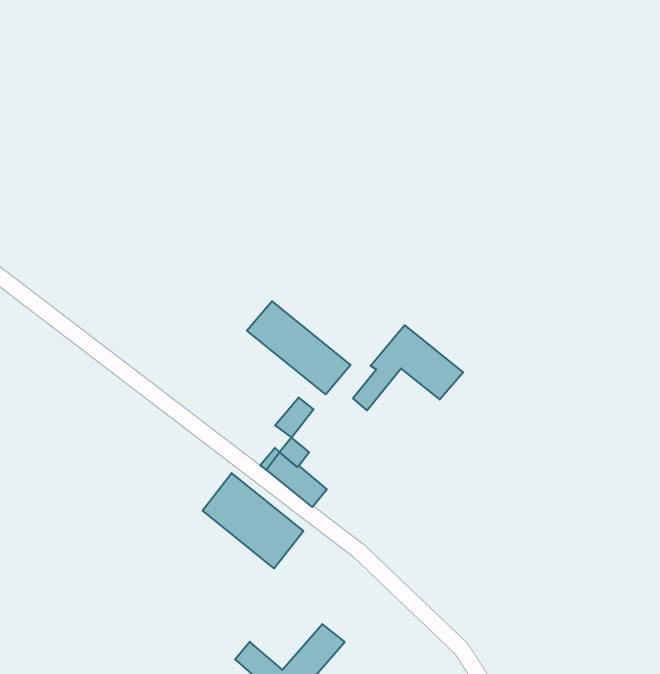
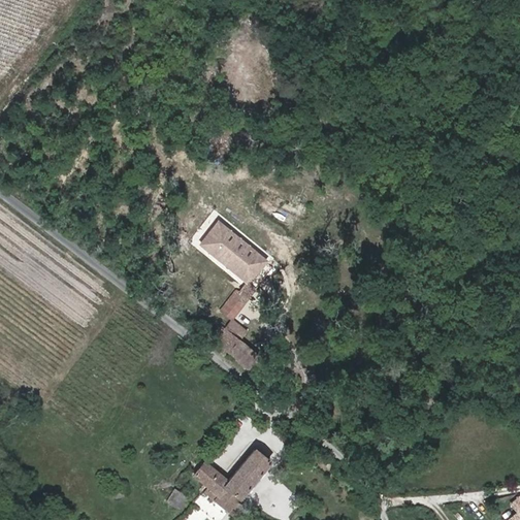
building: [353,325,463,410] -> none
building: [203,473,303,568] -> none

